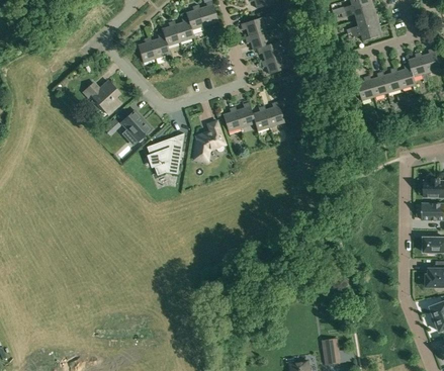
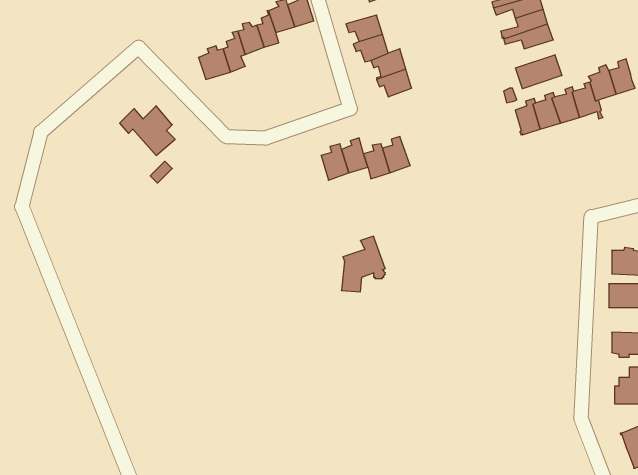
building: none -> [515,55,562,89]
building: [120,109,152,141] -> none
building: [194,121,225,160] -> [341,236,385,292]
building: [147,132,184,174] -> none

